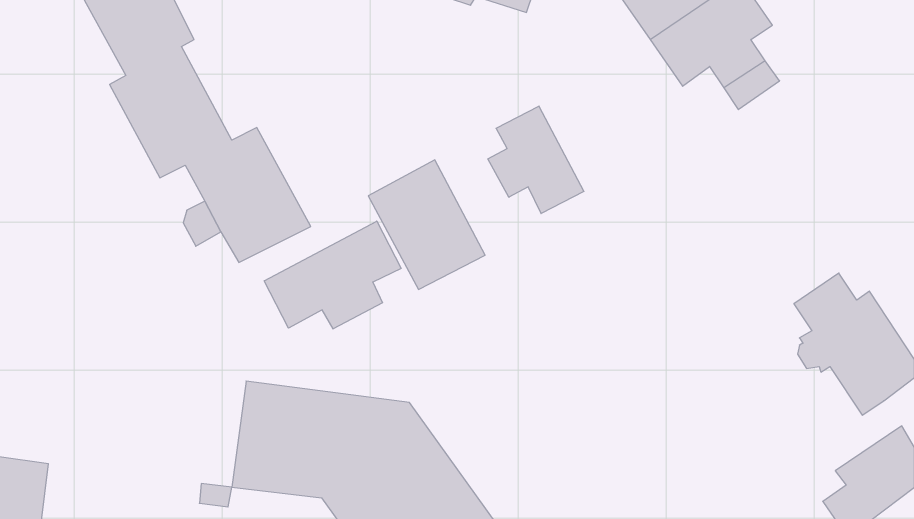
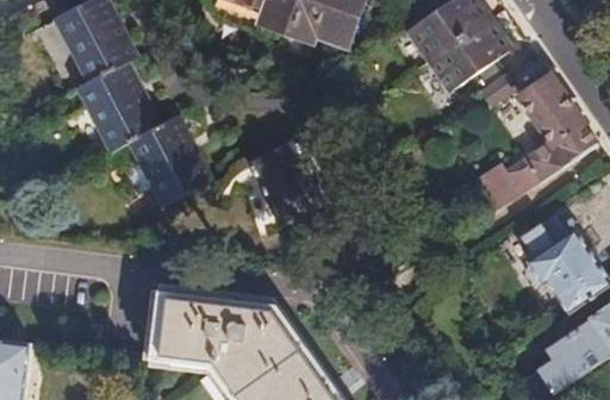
building: none -> [479,75,599,207]
building: [488,106,584,214] -> none
building: [264,221,401,329] -> none

